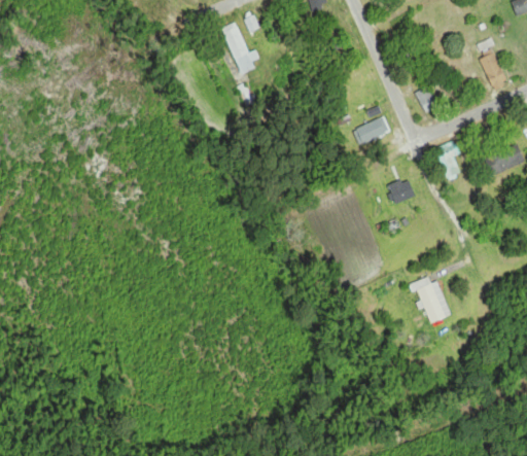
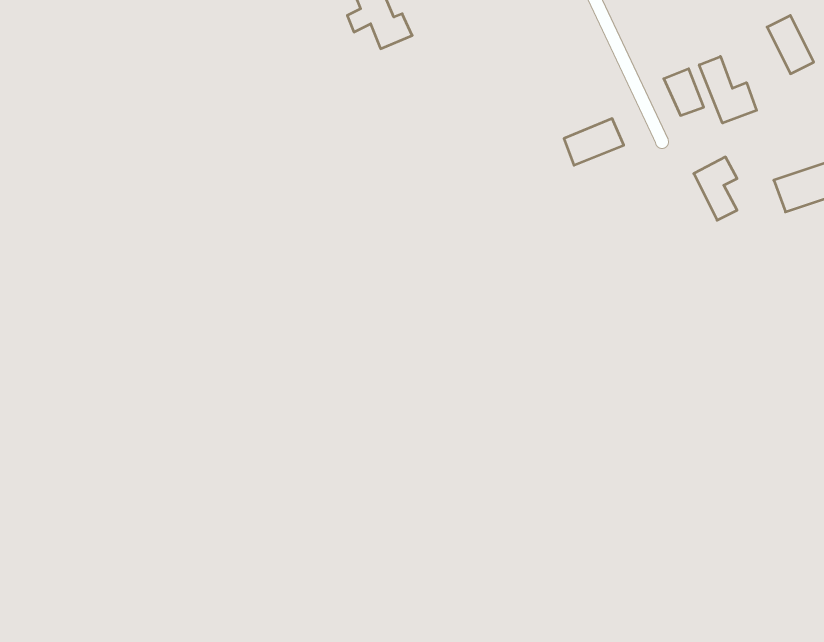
building: none -> [699,56,757,123]
building: [388,178,416,204] -> none
building: [413,277,452,324] -> none

